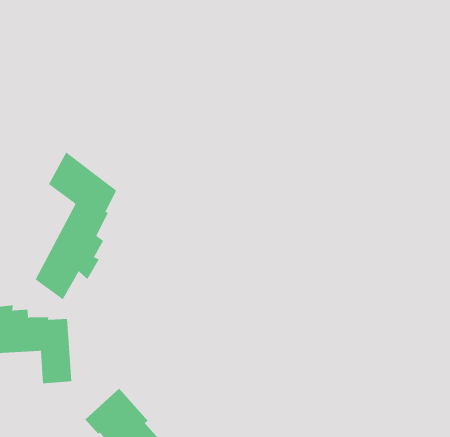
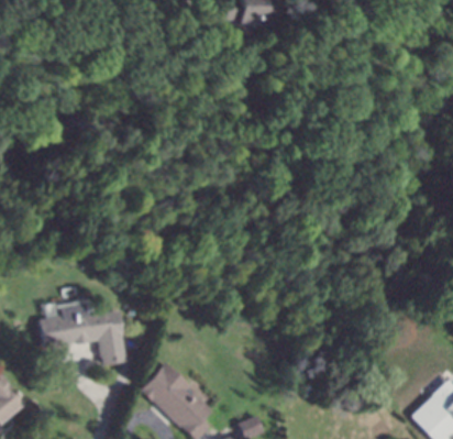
building: [35,151,117,300] -> none

